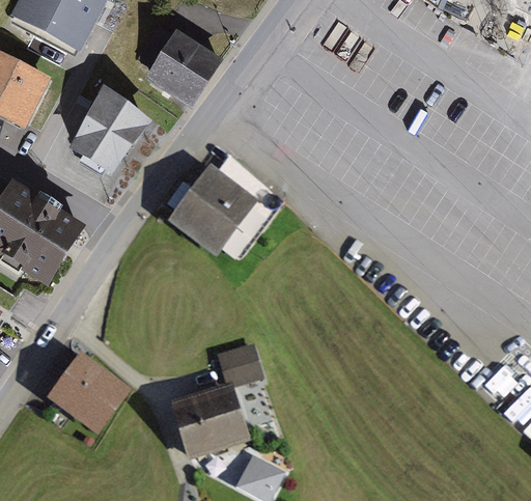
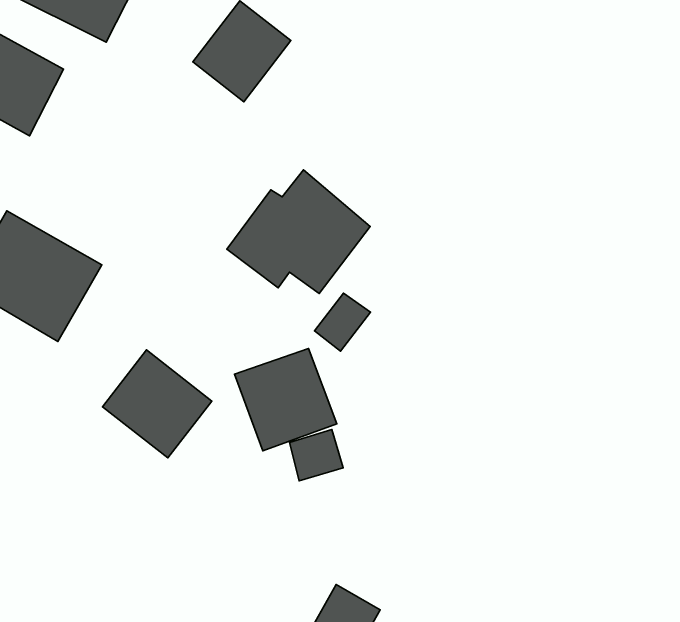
building: [71,95,148,174] -> none
building: none -> [314,293,371,351]
building: [47,351,127,429] -> [103,350,212,458]
building: [173,384,248,458] -> [235,349,337,451]

